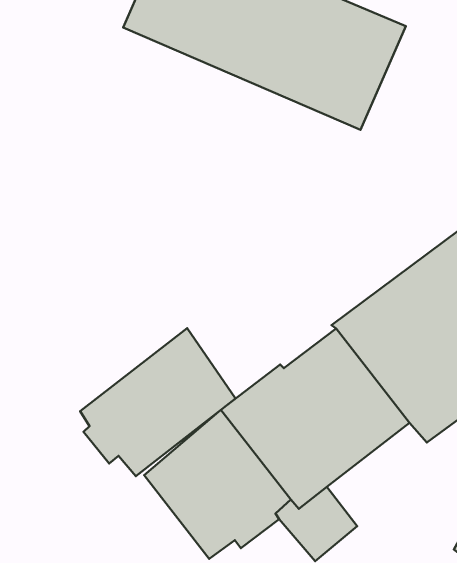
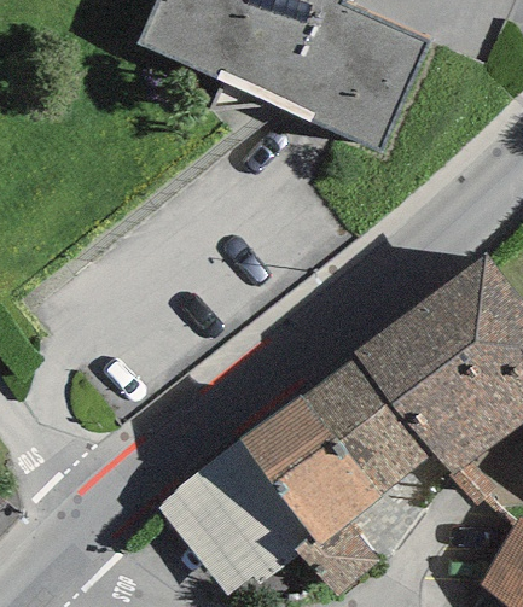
building: [80,328,236,476] -> none

